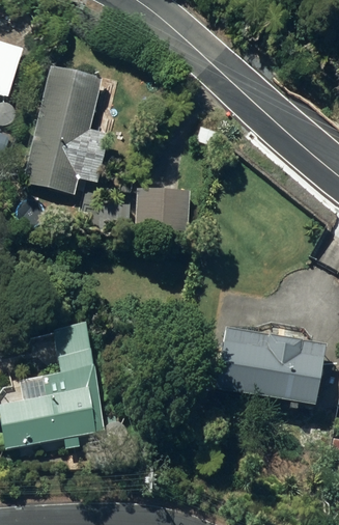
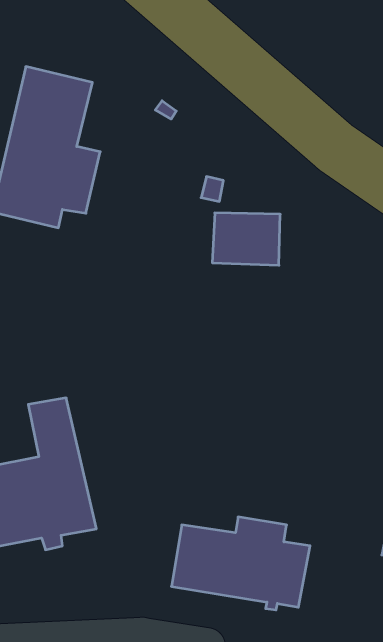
building: [137,187,191,228] -> [212,213,280,265]
building: [213,335,322,409] -> [171,517,310,610]

